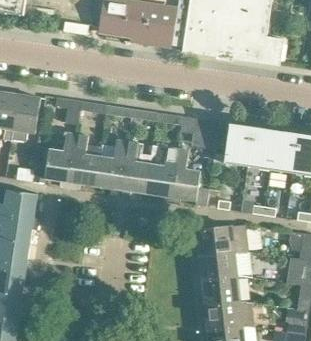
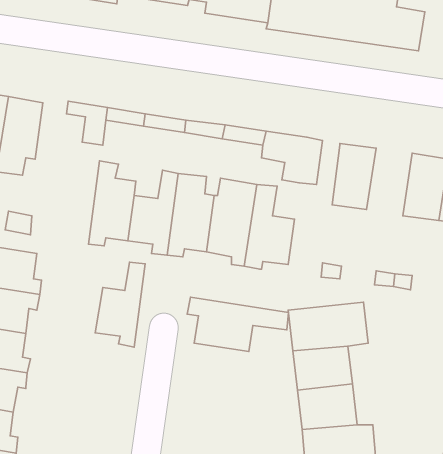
building: [246,126,275,169] -> none
building: [44,133,76,187] -> [95,262,145,347]
building: none -> [187,297,288,351]

